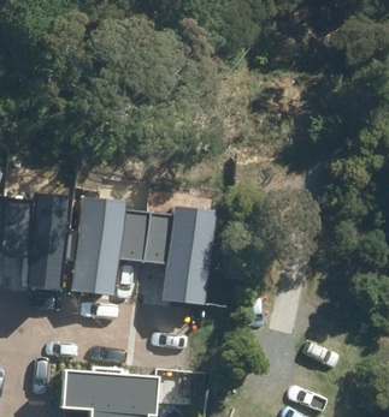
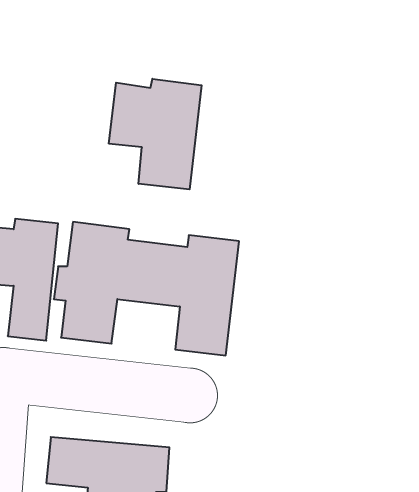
building: none -> [109,79,202,189]

